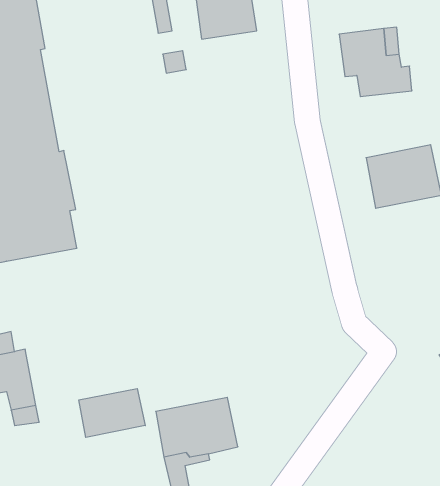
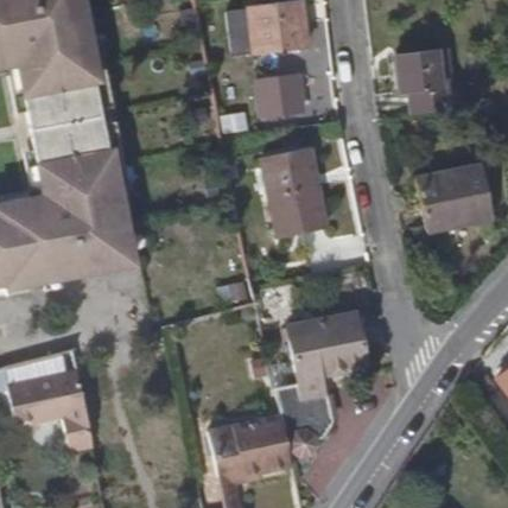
building: none -> [254,72,305,118]
building: none -> [262,150,329,236]
building: none -> [285,317,368,456]
building: [79,389,145,437] -> none

